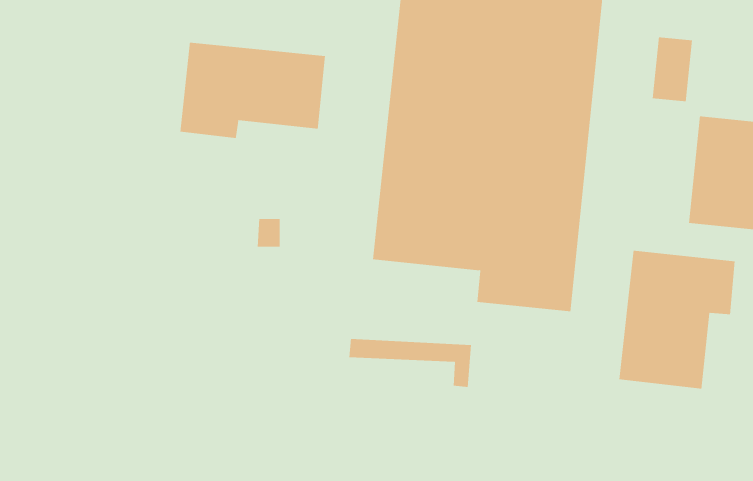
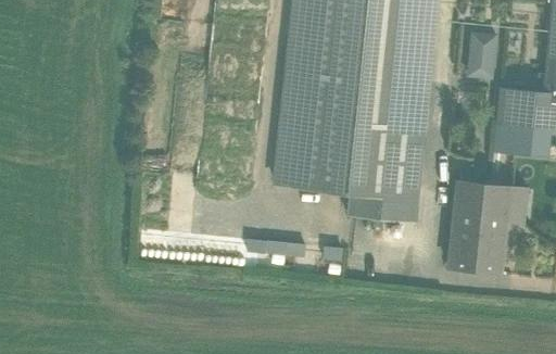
building: [180,42,325,139] -> none

